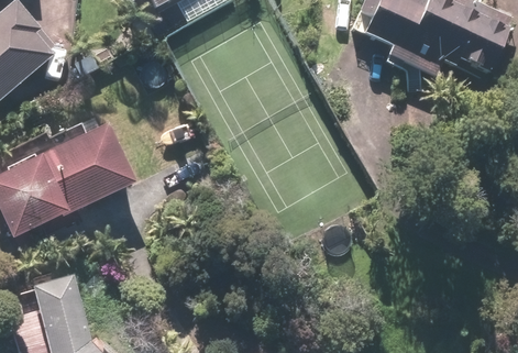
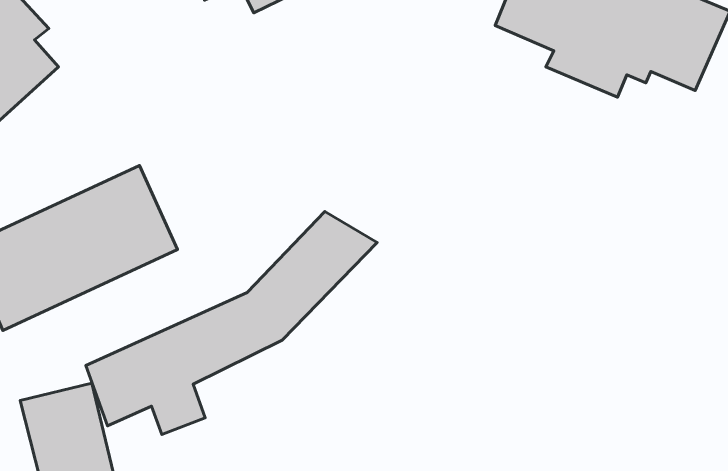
building: none -> [86,211,377,435]

